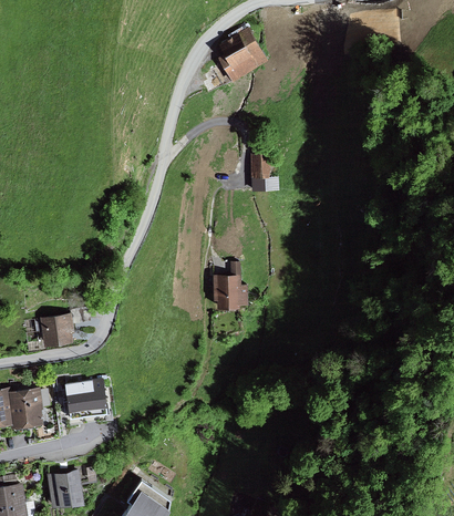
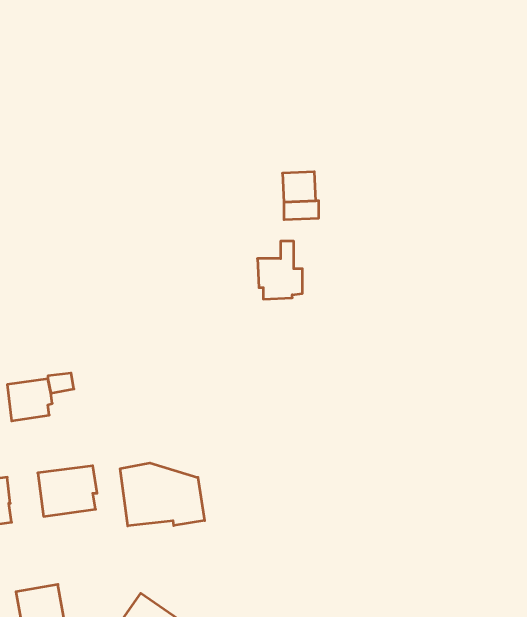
building: [218,29,267,83] -> none
building: [213,264,247,308] -> [257,241,302,299]
building: none -> [120,463,205,526]

